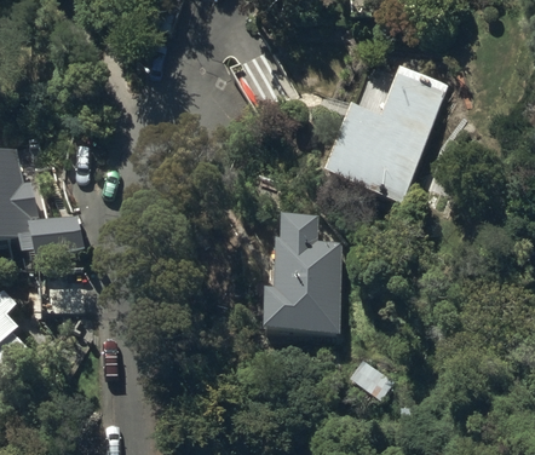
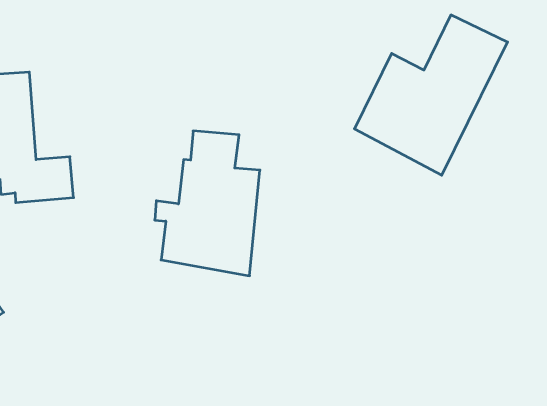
building: [252,212,339,333] -> [155,131,260,276]

